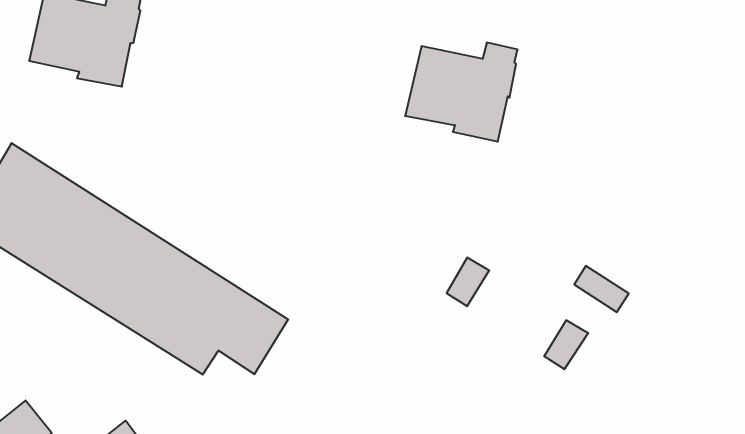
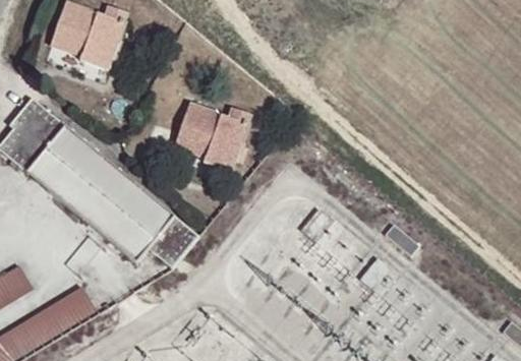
building: [405,43,518,142] -> [173,105,251,173]

